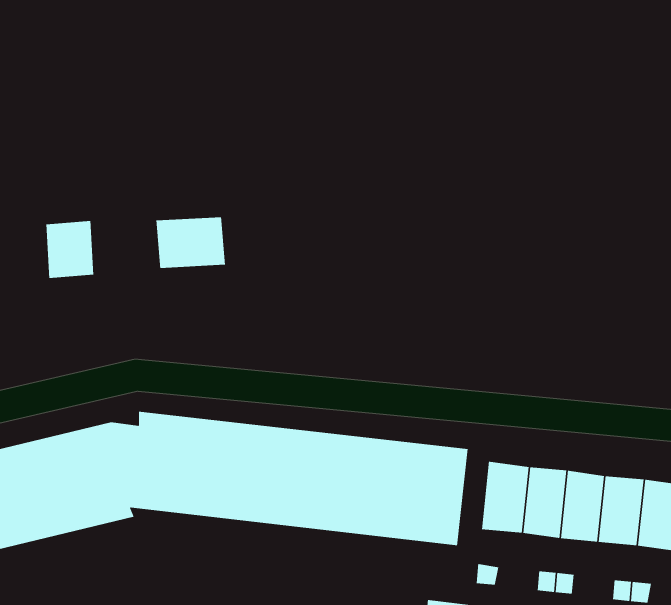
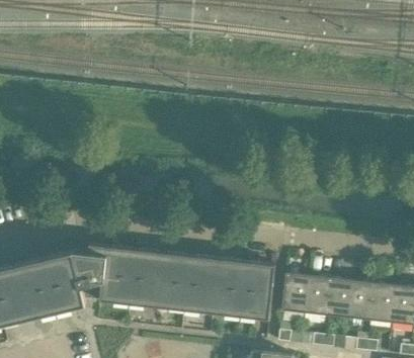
building: [156,216,225,269] -> none
building: [46,220,94,279] -> none

